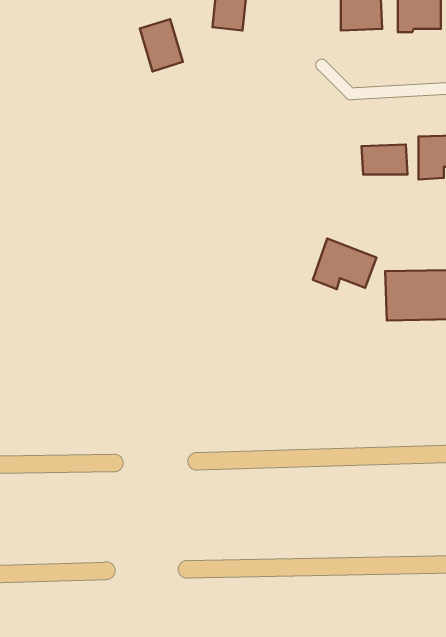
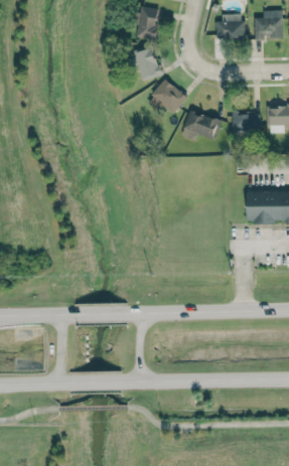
building: [140,19,183,71] -> [133,46,160,80]
building: none -> [146,79,186,113]
building: [313,239,376,289] -> [180,109,221,141]

